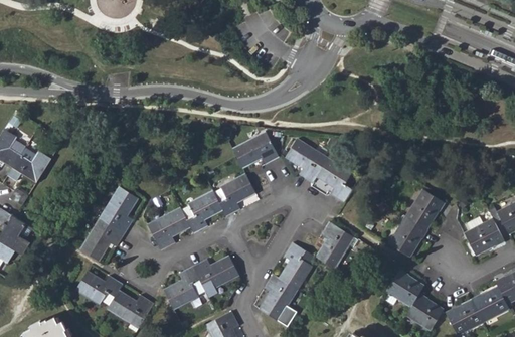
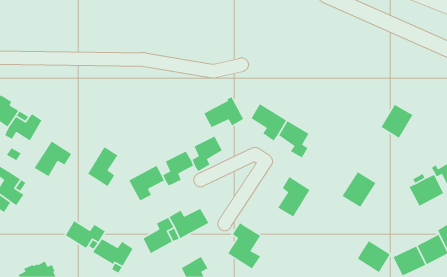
building: [406,189,444,228] -> [380,104,413,139]
building: [81,218,125,260] -> [34,140,72,177]
building: [280,242,314,288] -> none
building: [386,270,423,306] -> none

